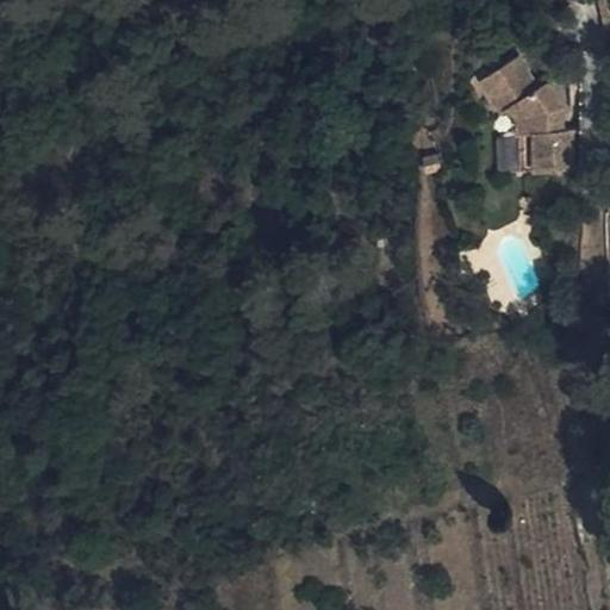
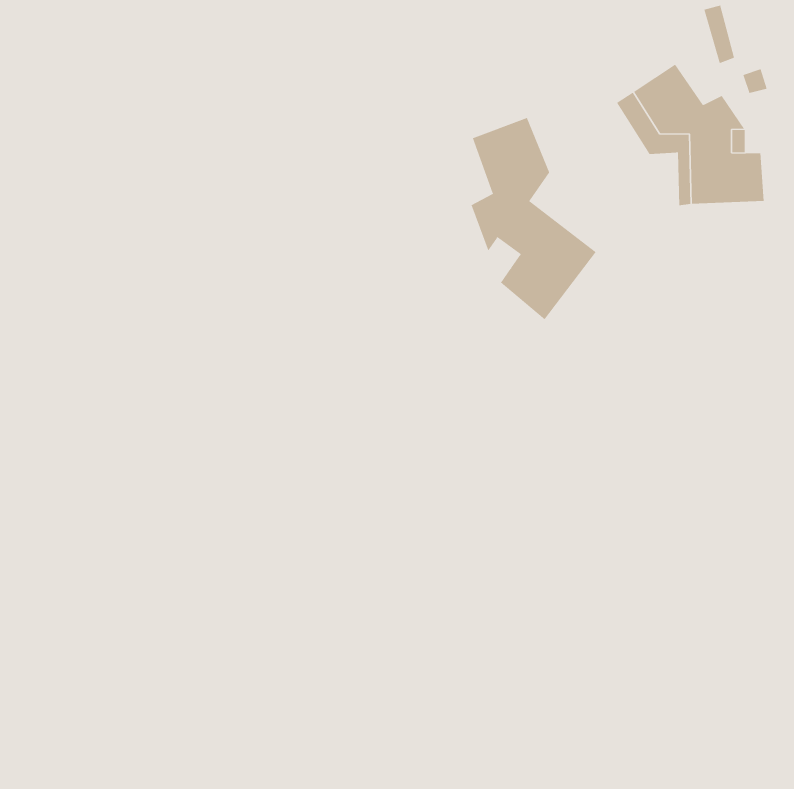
building: none -> [471,117,596,320]

